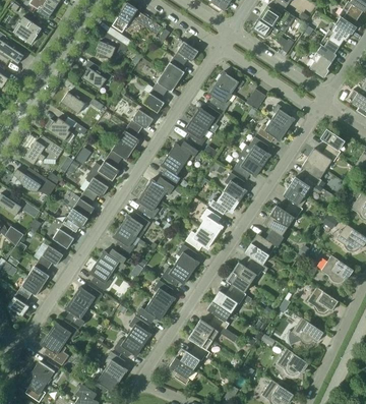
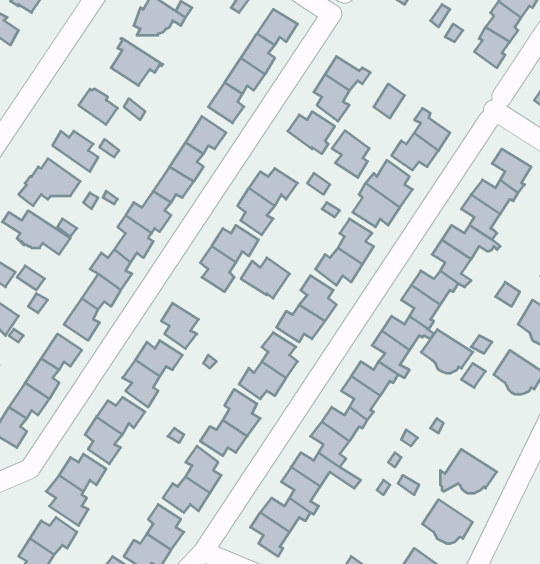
building: [184,118,207,148] -> [332,131,369,178]
building: [120,213,150,238] -> [241,258,290,298]
building: [306,287,339,314] -> [421,329,473,373]

